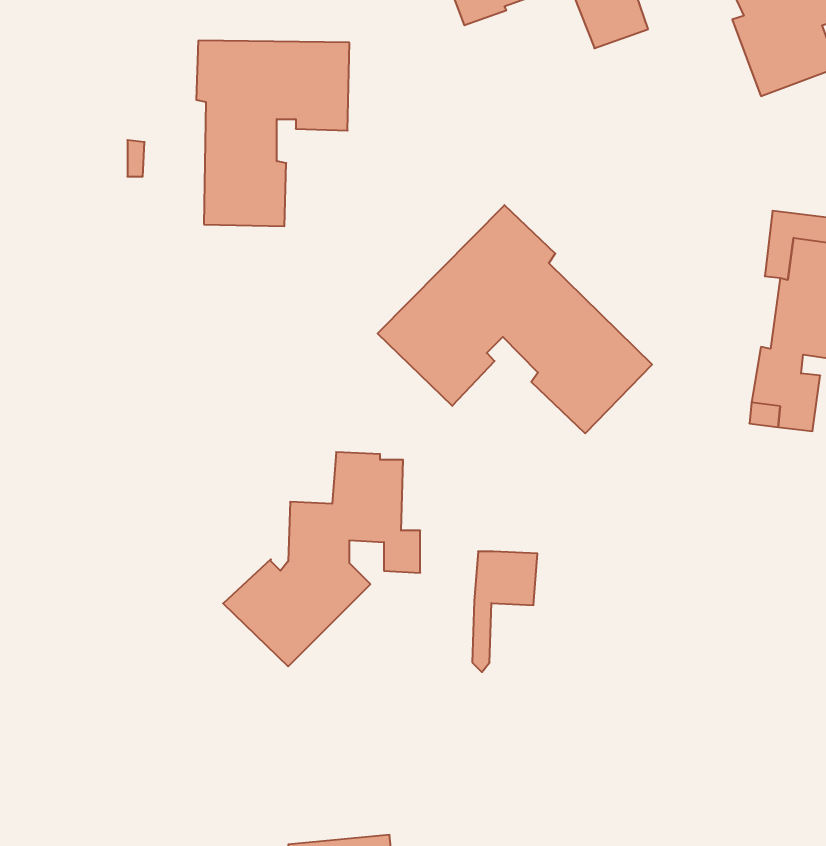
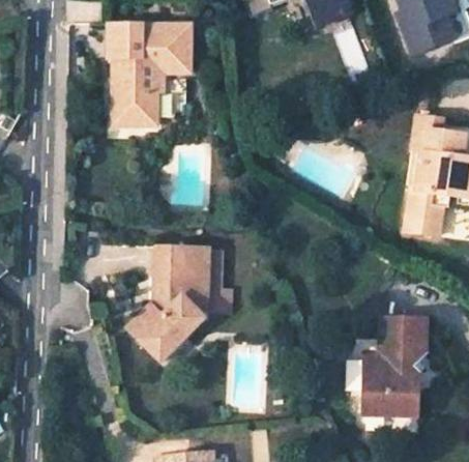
building: [378,205,652,433] -> none
building: [472,551,537,672] -> [148,247,183,312]
building: none -> [360,319,424,416]

